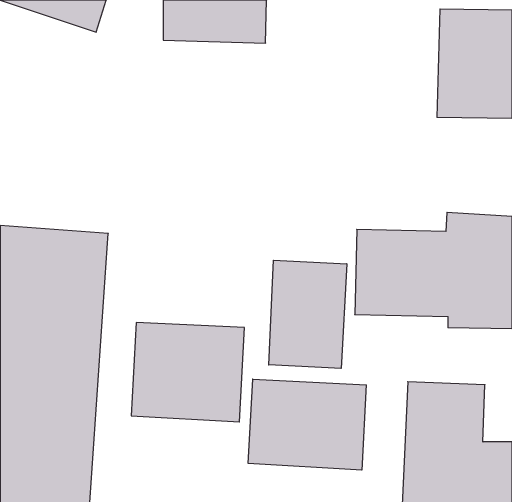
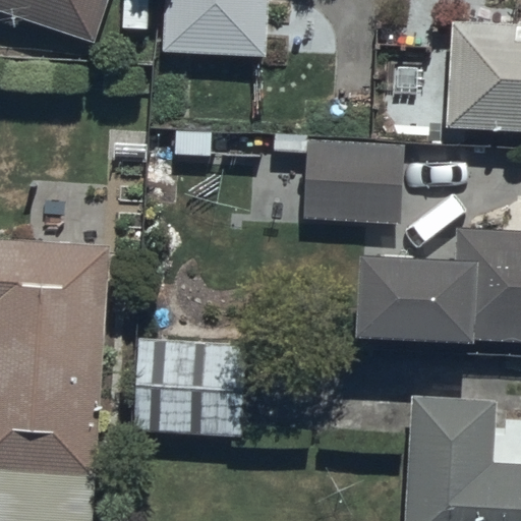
building: none -> [275,135,403,226]
building: [269,260,347,368] -> none
building: [248,379,366,470] -> none

